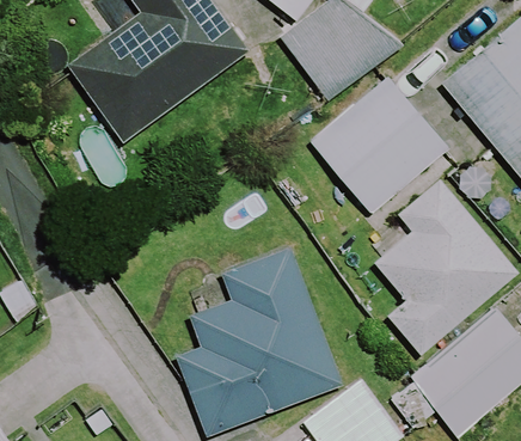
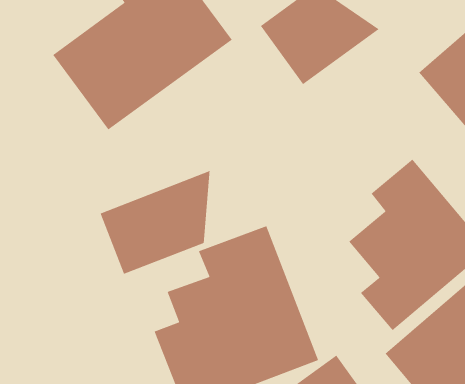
building: [311,79,447,212] -> none
building: none -> [99,170,211,275]

